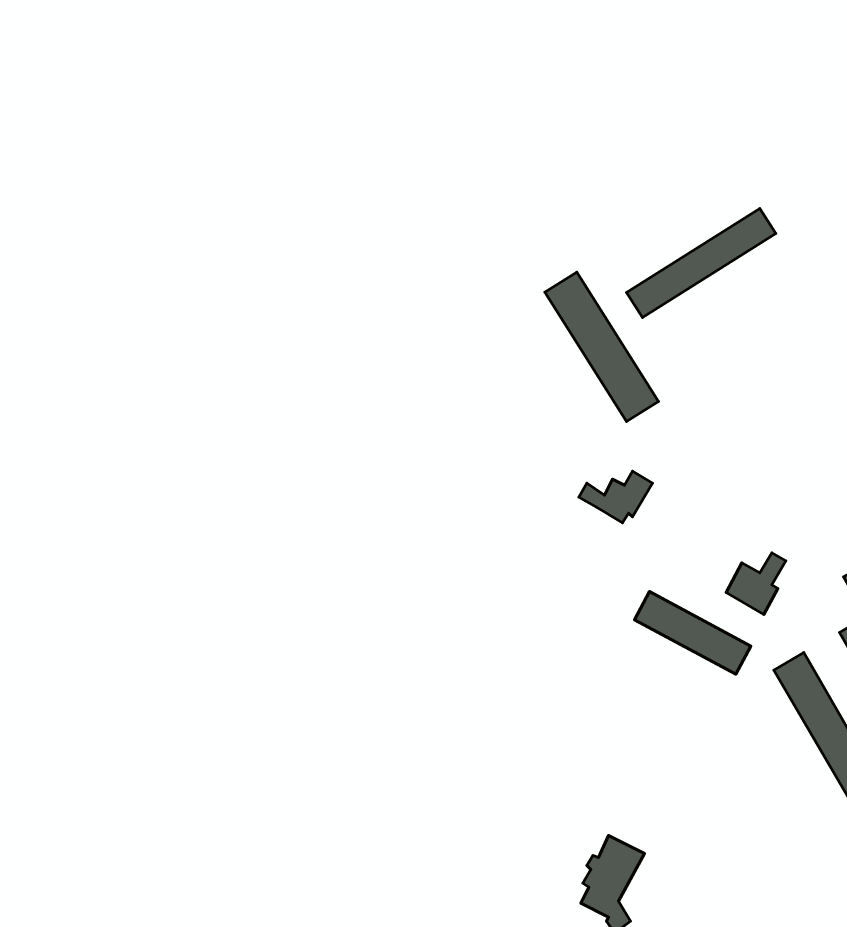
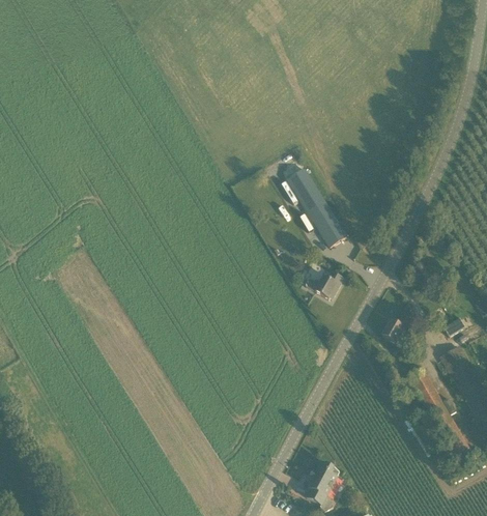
building: [627,208,776,317] -> none
building: [634,592,751,674] -> none

